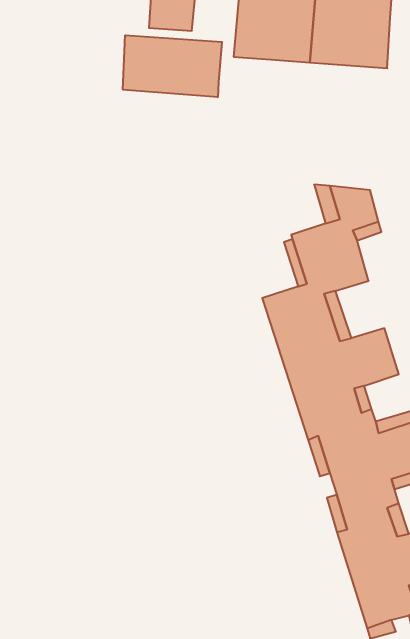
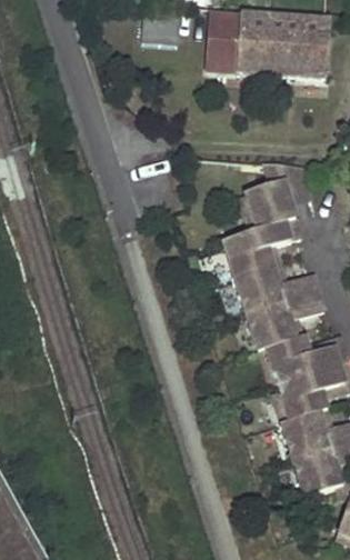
building: [123,35,222,97] -> none

